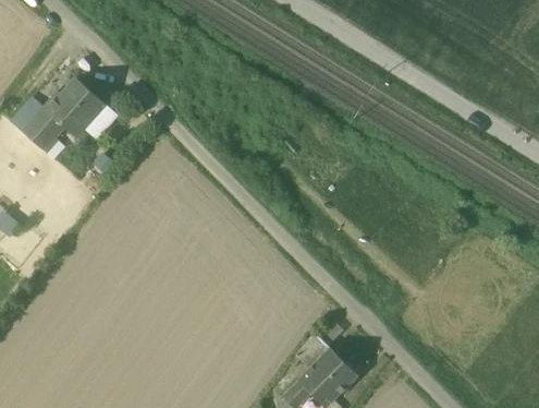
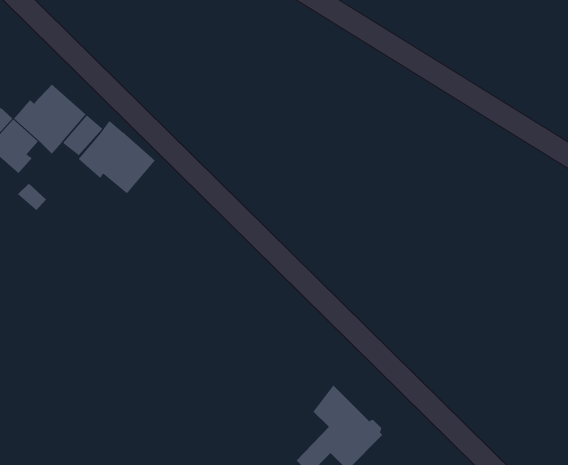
building: none -> [78,120,156,194]

